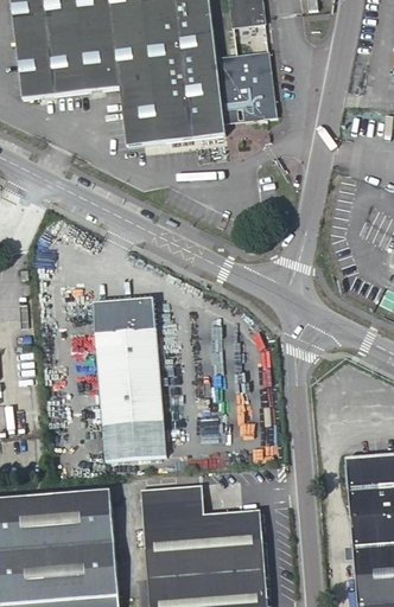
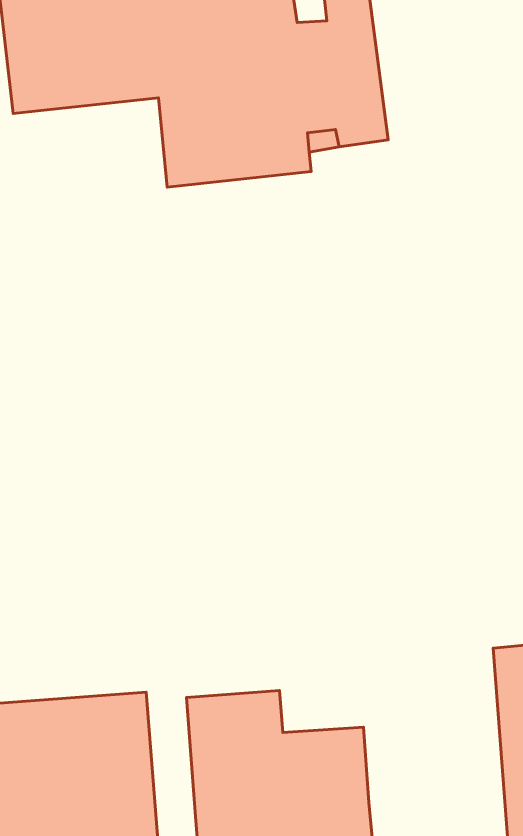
building: [94,299,165,459] -> none

